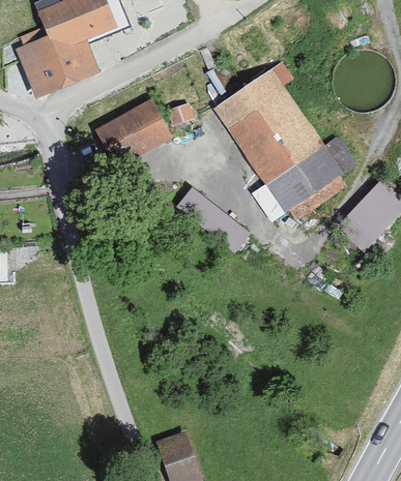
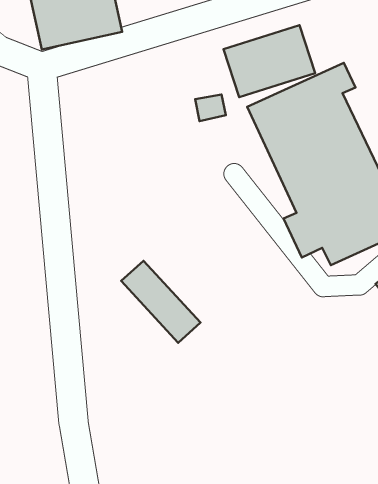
building: [91,102,166,167] -> [224,25,315,97]
building: [175,190,242,249] -> [121,261,200,343]

